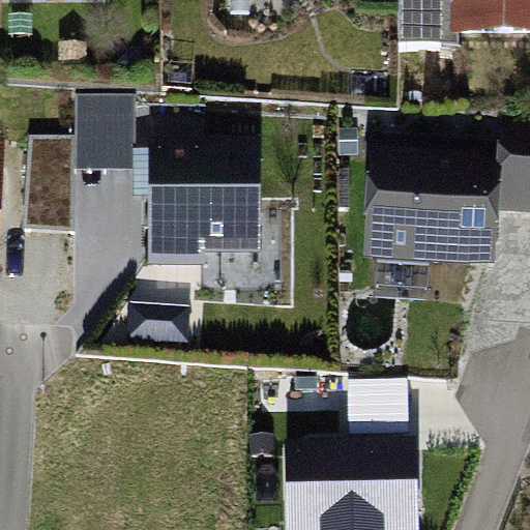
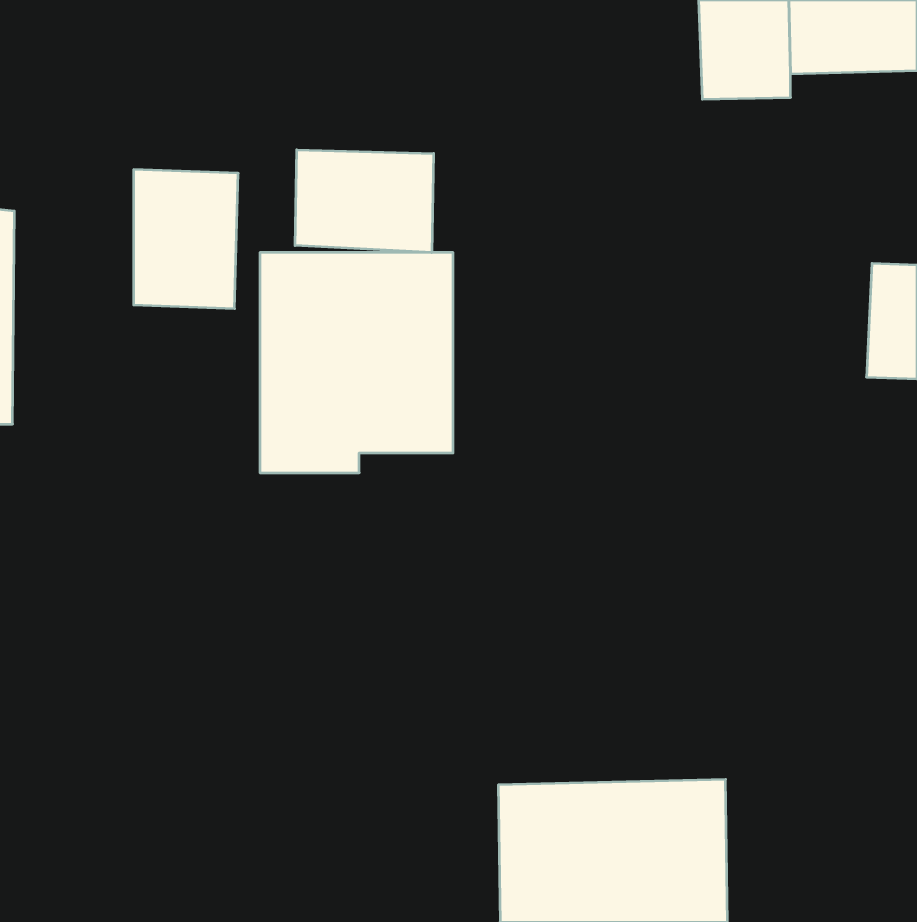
building: none -> [295,150,434,253]
building: [25,138,76,237] -> none
building: [364,151,498,270] -> none

